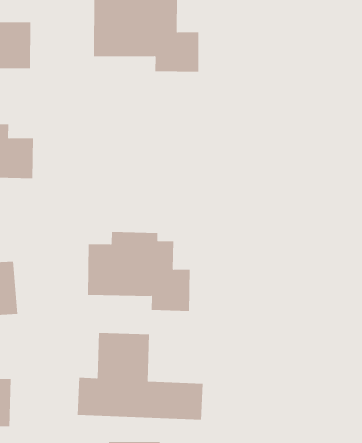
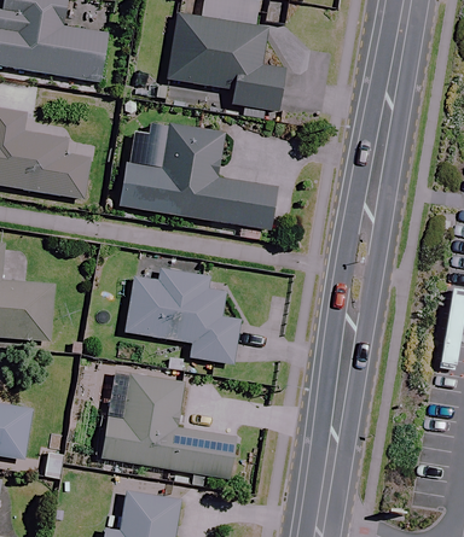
building: none -> [116,122,277,228]

